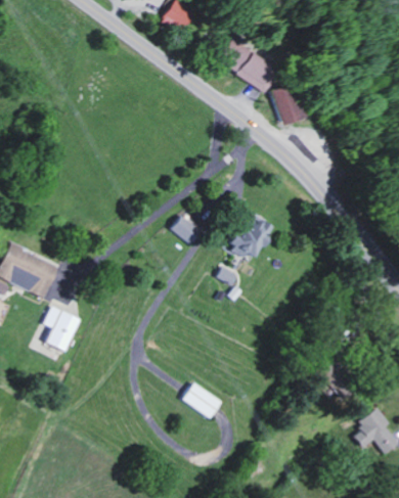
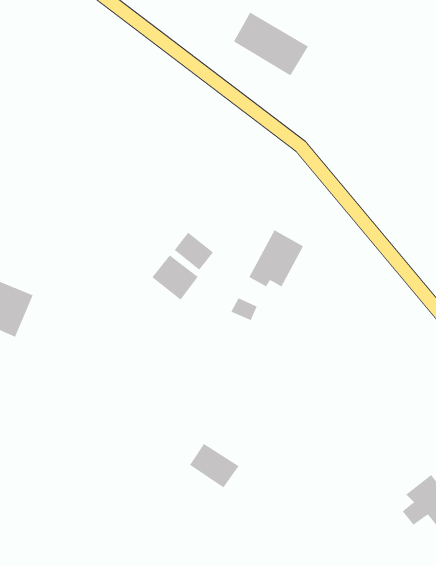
building: [269,83,303,125] -> none
building: none -> [152,255,198,301]
building: [44,306,82,352] -> none

